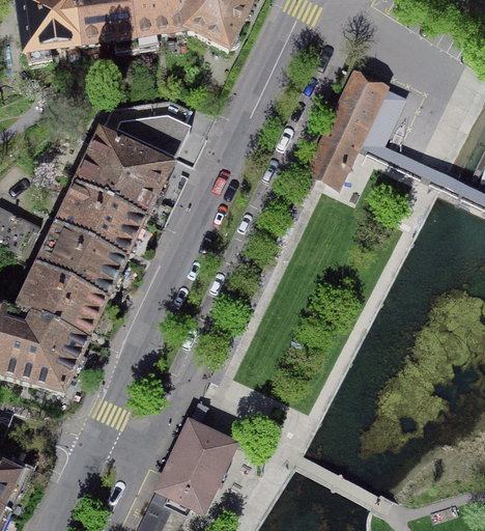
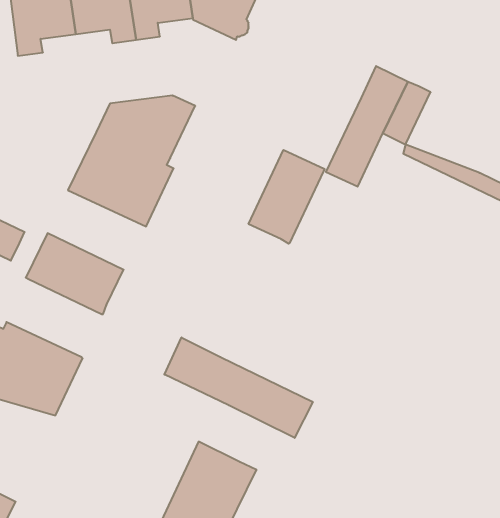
building: none -> [249,150,325,244]
building: [52,188,142,260] -> none
building: [15,269,102,340] -> none
building: none -> [164,337,313,438]

